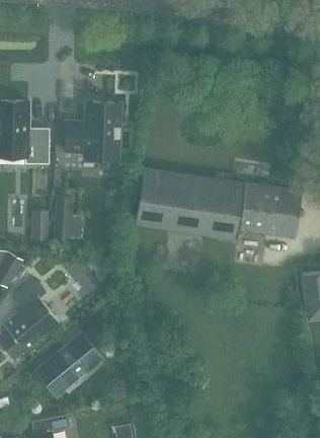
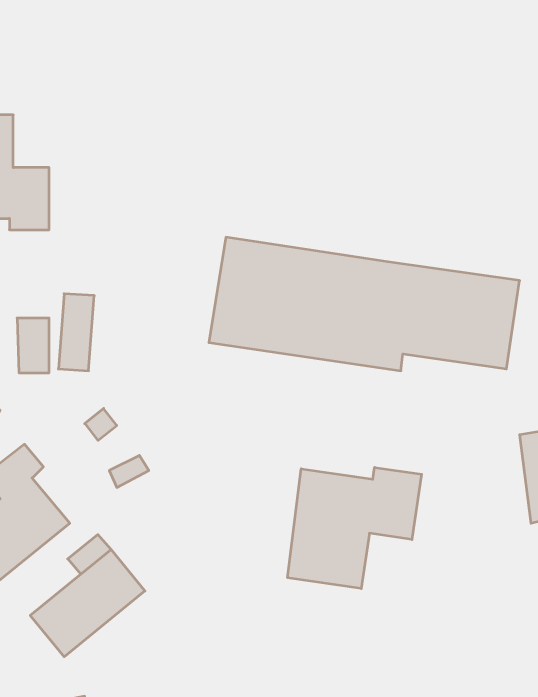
building: [66,103,121,160] -> none
building: none -> [288,467,422,589]

